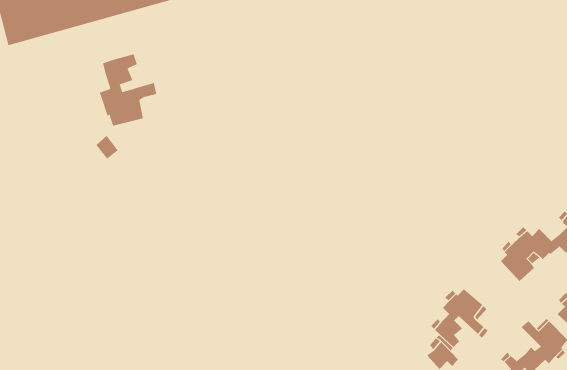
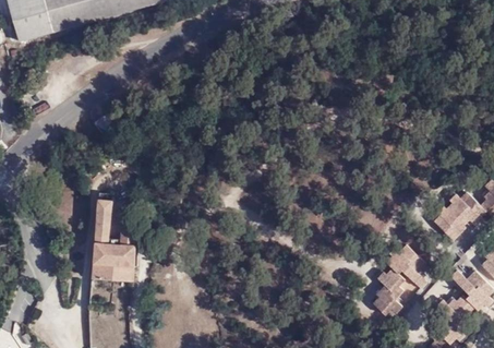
building: [99,54,157,126] -> none
building: none -> [91,192,135,281]

